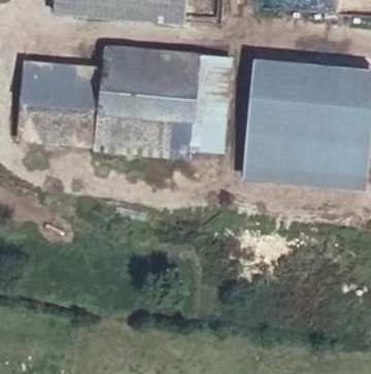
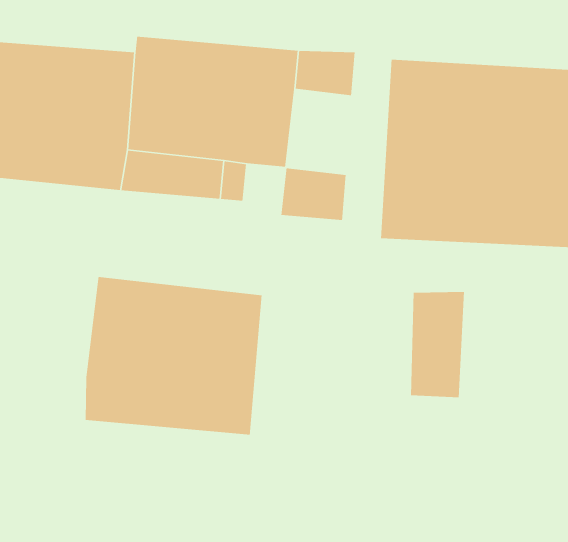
building: [193,88,231,137] -> none
building: none -> [85,276,263,436]
building: none -> [410,291,465,398]

